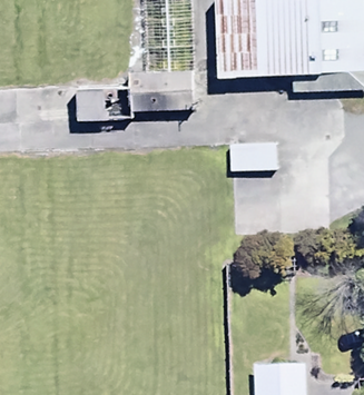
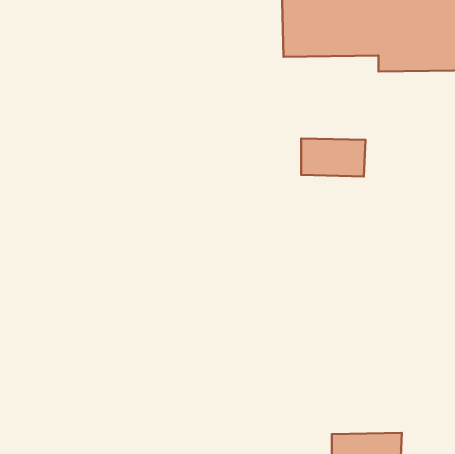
building: [77,69,197,121] -> none

